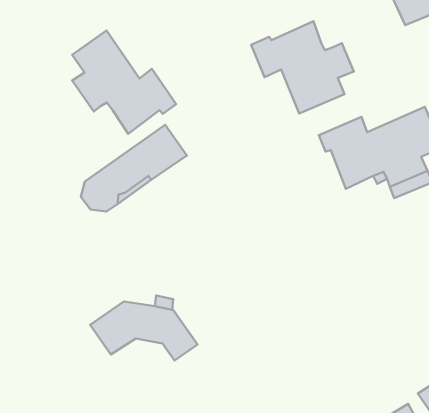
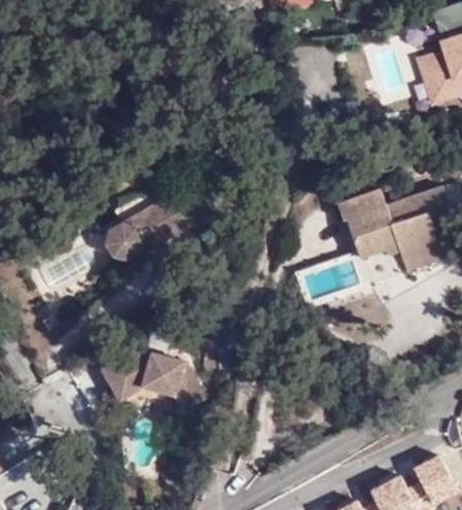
building: [251,21,354,113] -> none
building: [72,31,176,134] -> none

